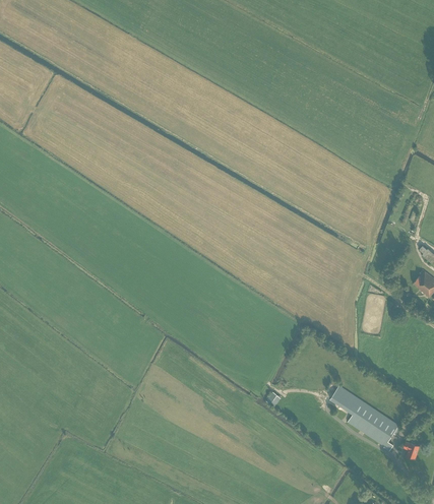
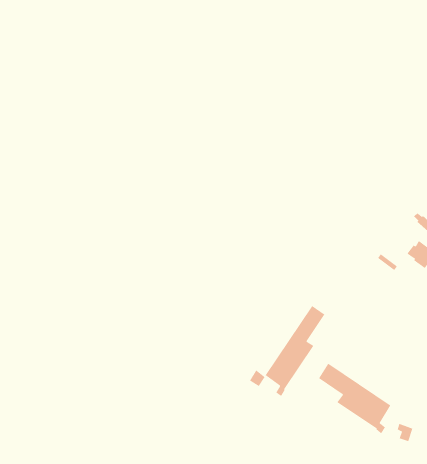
building: none -> [265,305,325,397]

